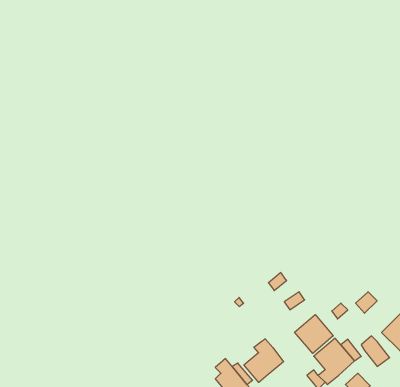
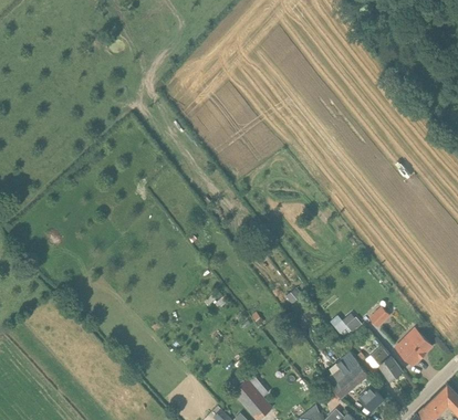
building: [295,315,333,353] -> none
building: [244,339,284,382] -> none

